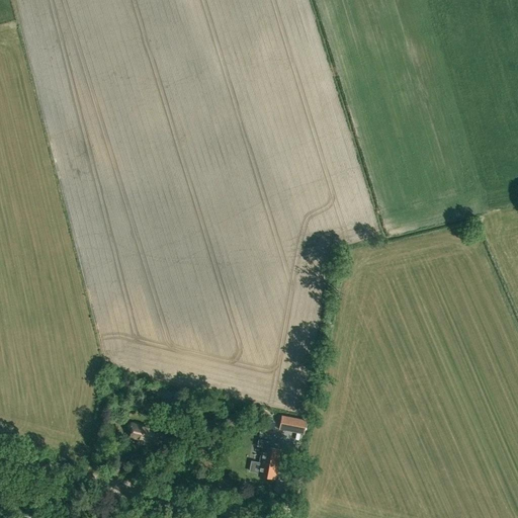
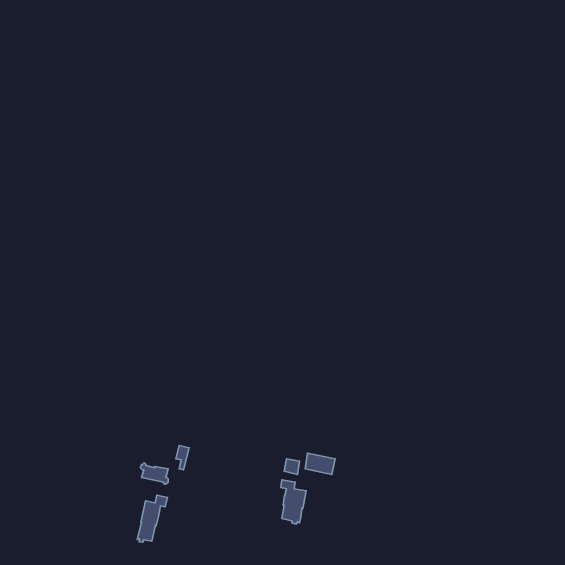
building: none -> [137,495,167,542]

